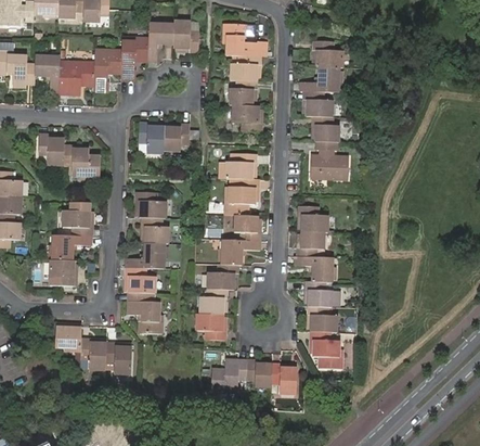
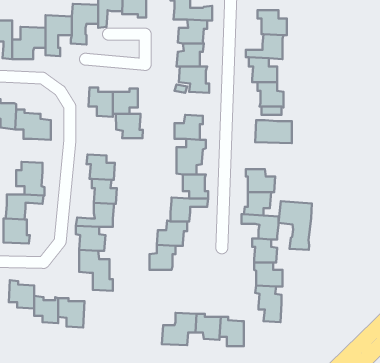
building: none -> [116,114,143,138]
building: none -> [278,201,312,250]
building: [196,313,226,339] -> none

